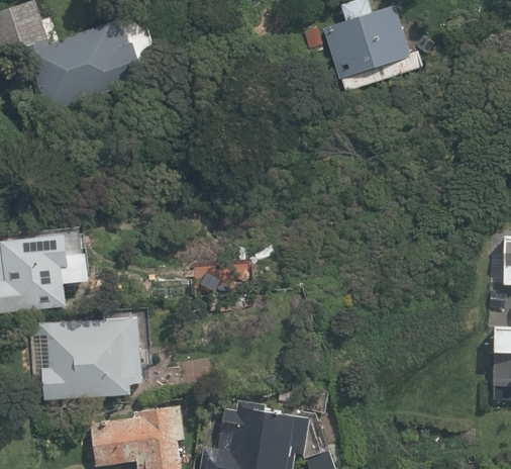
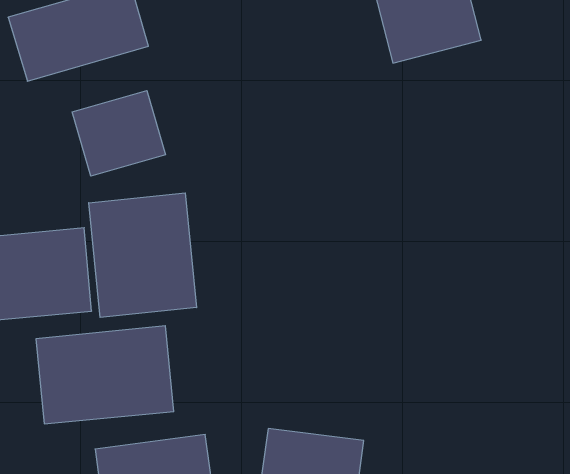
building: none -> [72,91,166,176]
building: none -> [89,193,197,317]

